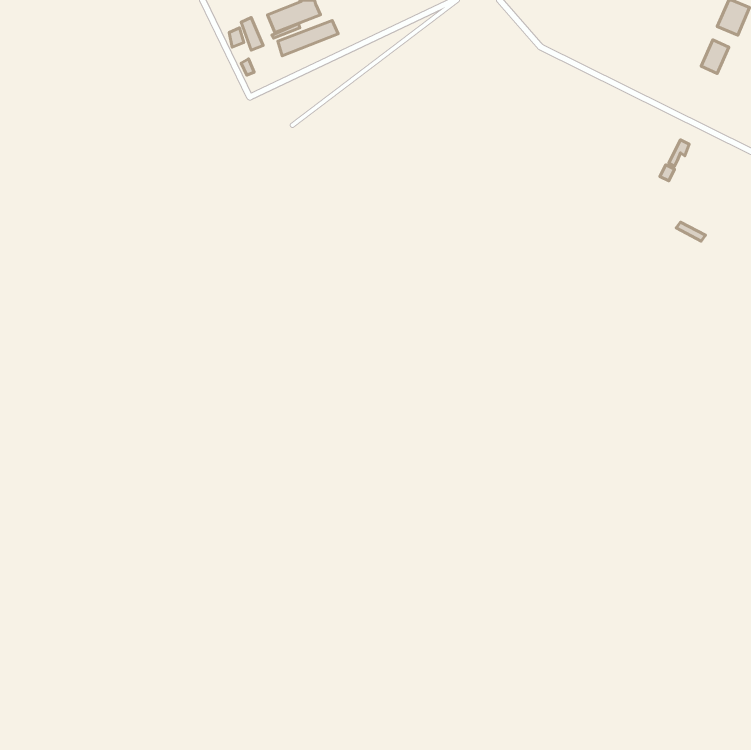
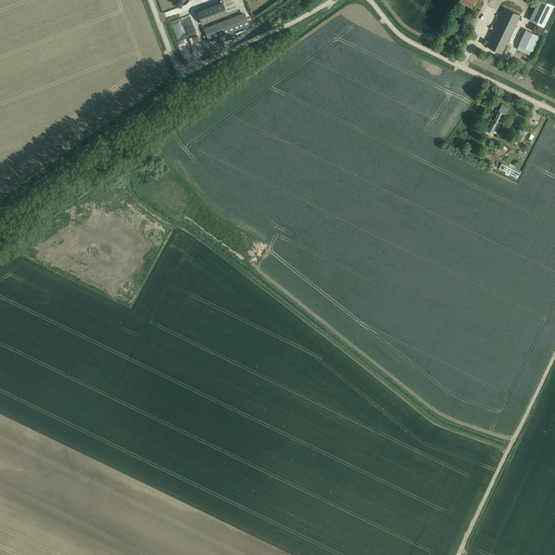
building: none -> [487,9,520,54]

